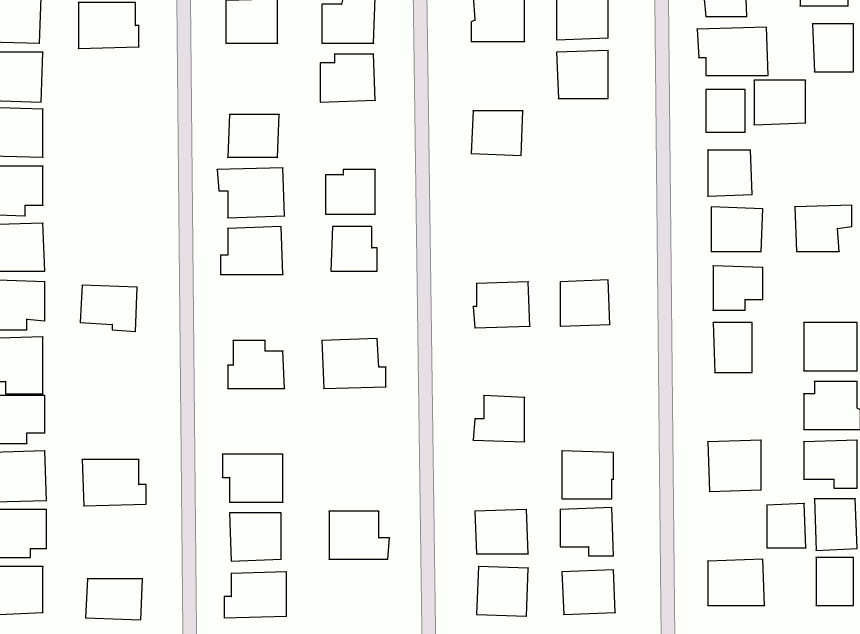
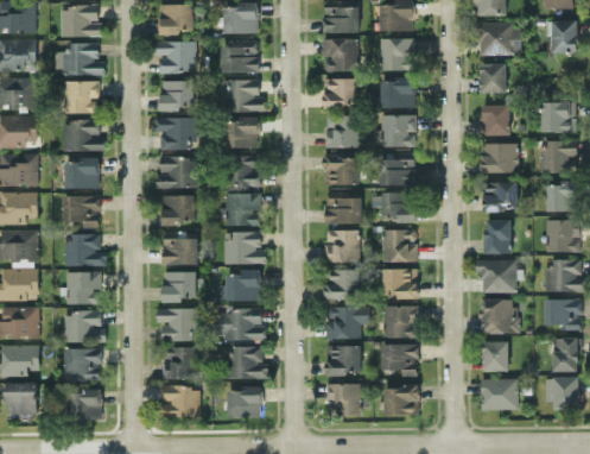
building: none -> [323,38,359,71]
building: none -> [156,40,196,71]
building: none -> [55,43,104,74]
building: [754,80,806,125] -> [541,102,576,132]
building: none -> [380,78,415,107]
building: none -> [222,80,265,112]
building: none -> [63,81,99,113]
building: none -> [325,114,360,147]
building: none -> [380,114,415,147]
building: none -> [62,120,104,151]
building: none -> [379,153,414,184]
building: none -> [323,156,359,184]
building: none -> [64,158,100,188]
building: none -> [546,184,572,212]
building: none -> [223,193,260,226]
building: none -> [160,195,196,225]
building: none -> [325,229,360,261]
building: none -> [382,229,418,261]
building: none -> [65,233,106,265]
building: none -> [480,259,516,294]
building: none -> [383,269,418,297]
building: none -> [220,270,261,301]
building: none -> [163,271,198,301]
building: none -> [65,272,102,304]
building: none -> [326,307,368,339]
building: none -> [212,309,266,340]
building: [767,503,806,548] -> [483,341,509,371]
building: none -> [64,348,101,382]
building: none -> [227,386,261,417]

